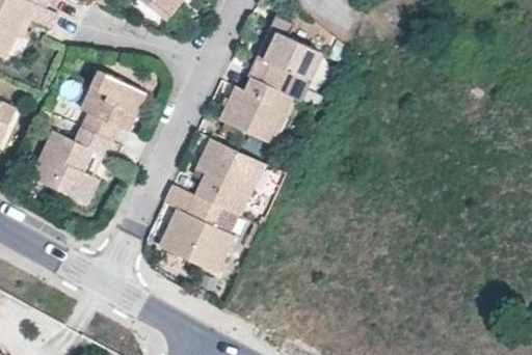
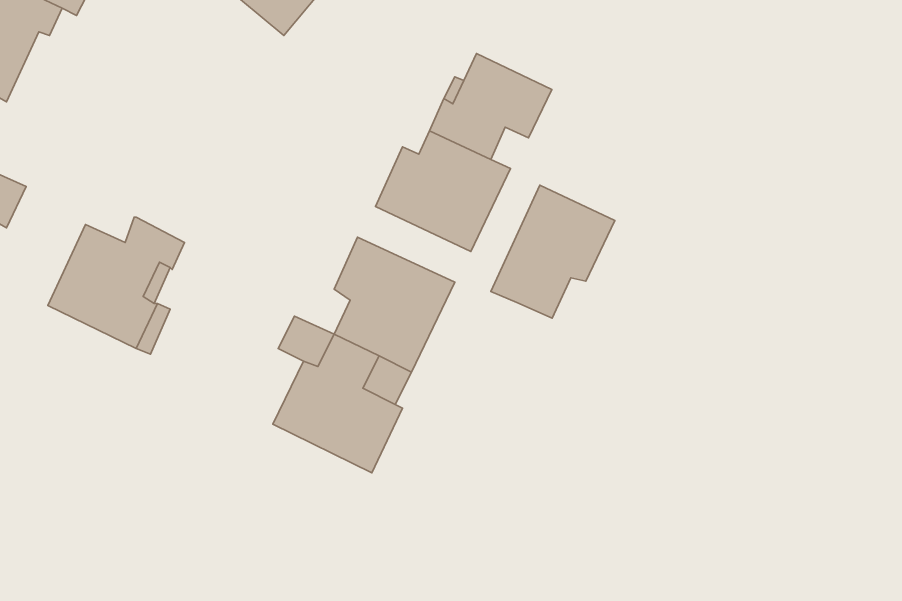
building: [79,70,147,141] -> none
building: none -> [491,185,615,318]

